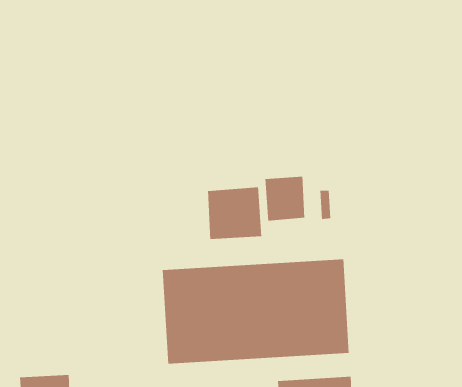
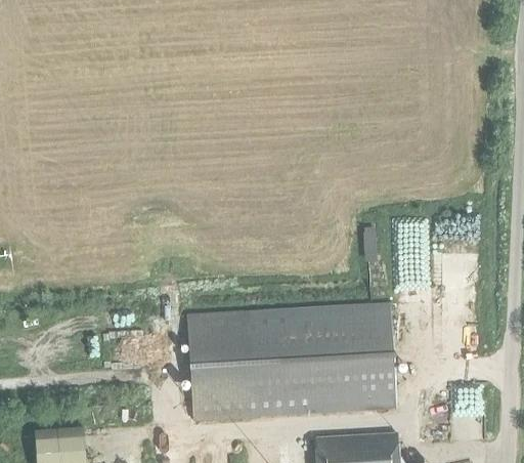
building: [265,176,305,222] -> none
building: [207,187,262,240] -> none

